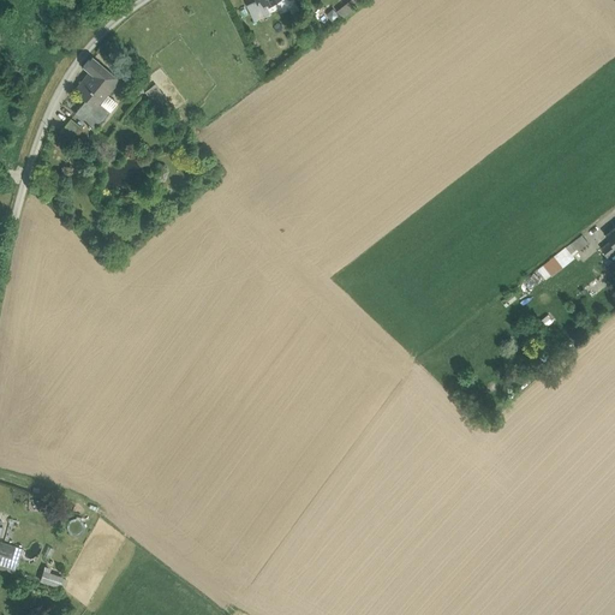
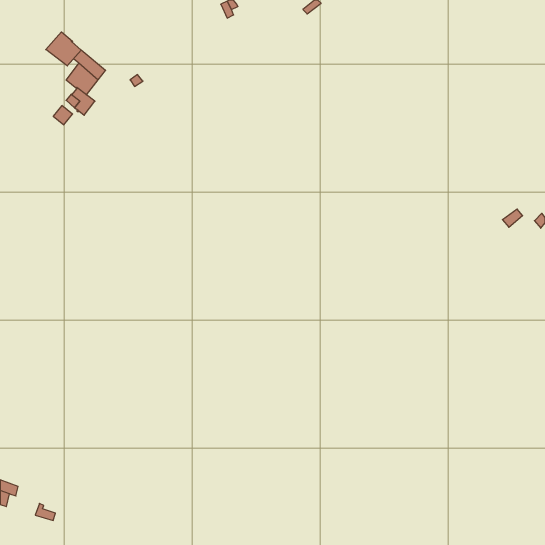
building: none -> [46,32,81,66]

